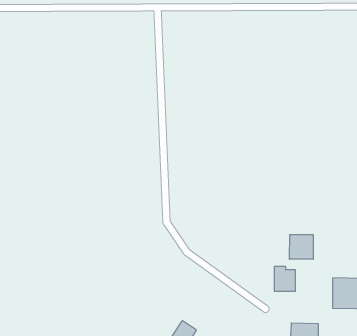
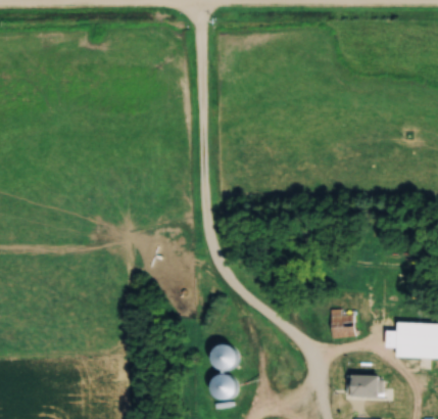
building: [289,234,313,259] -> none
building: none -> [215,344,235,368]

